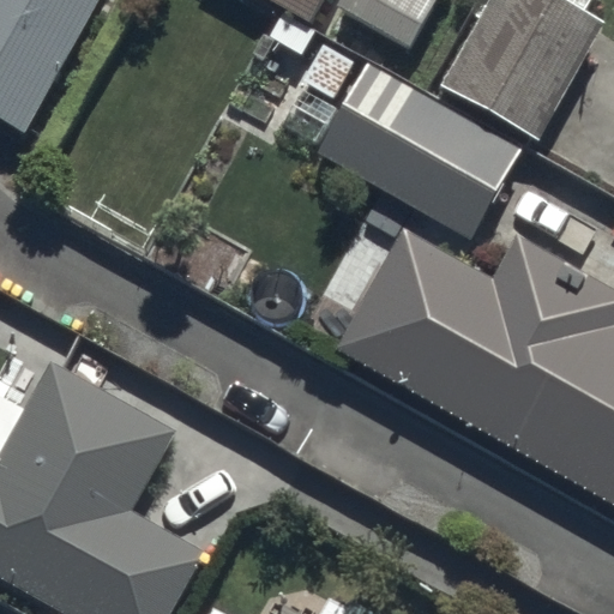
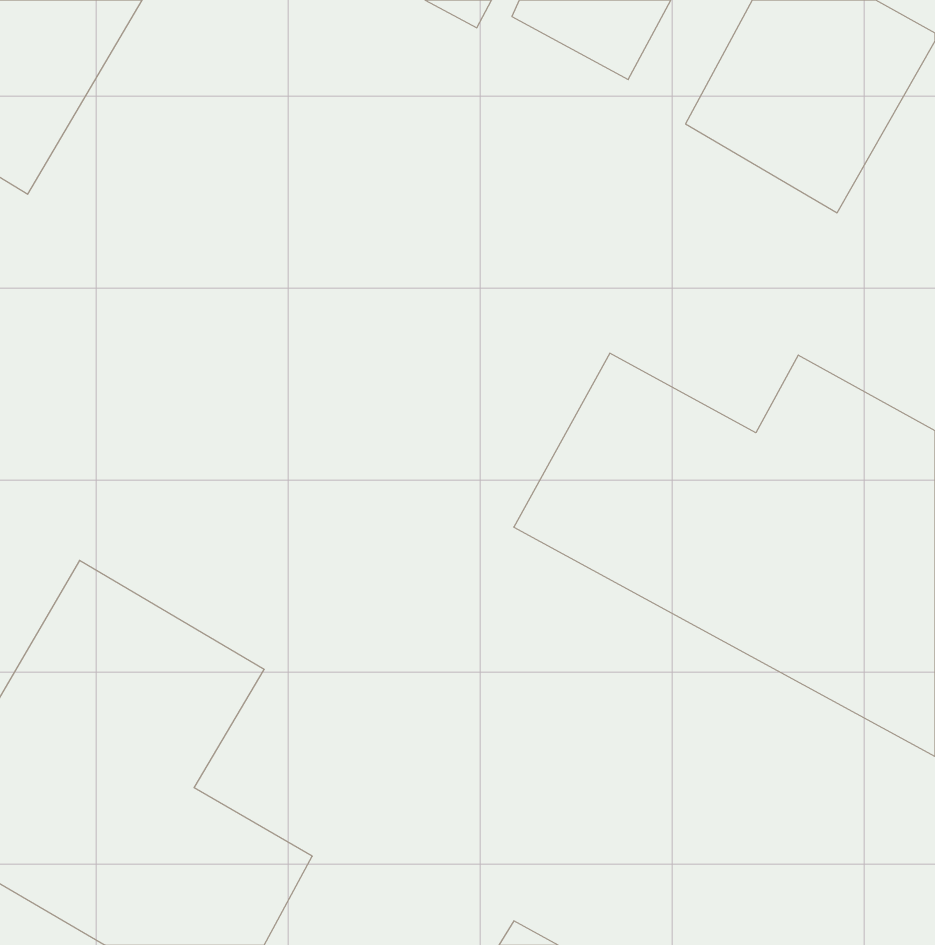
building: [312,60,518,237] -> none

